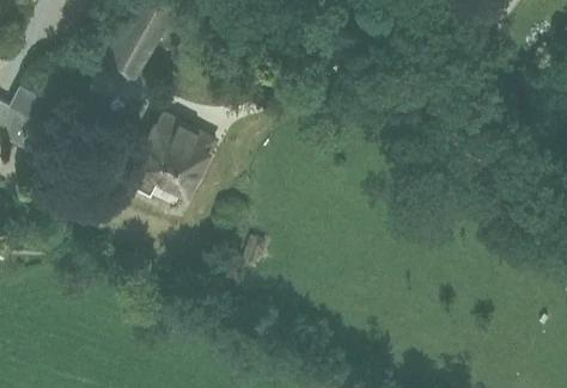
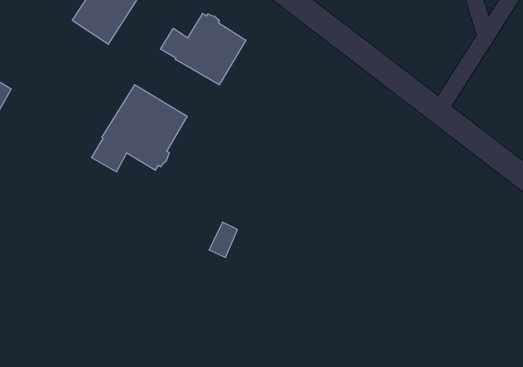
building: none -> [160,13,246,85]

